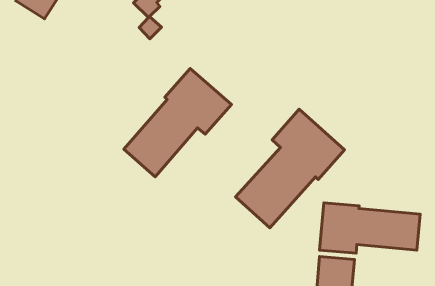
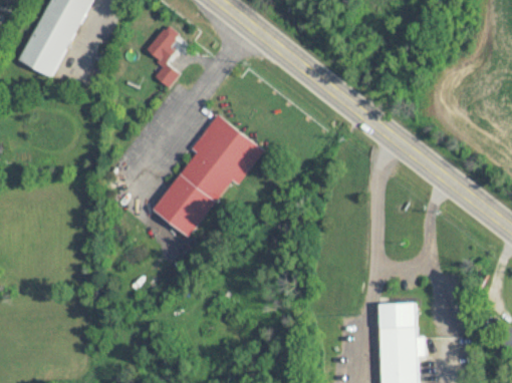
building: [235,109,344,228] -> none
building: [319,203,420,253] -> none

